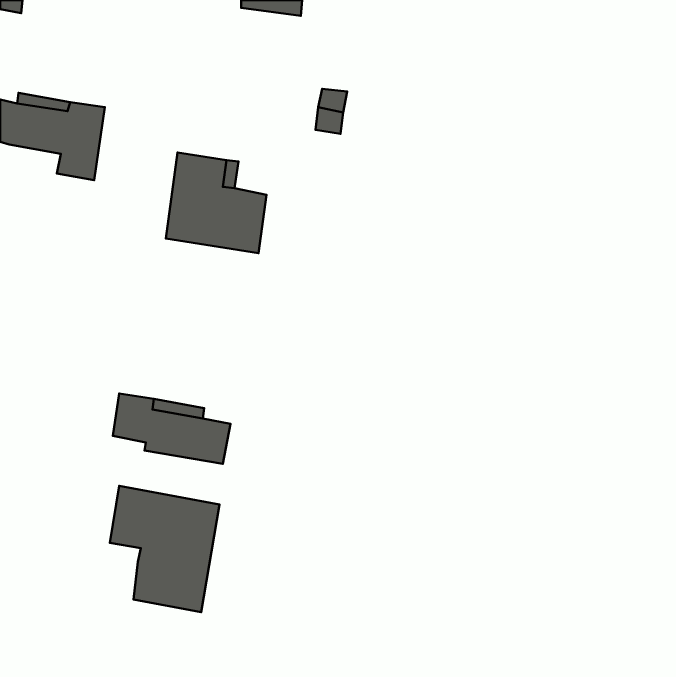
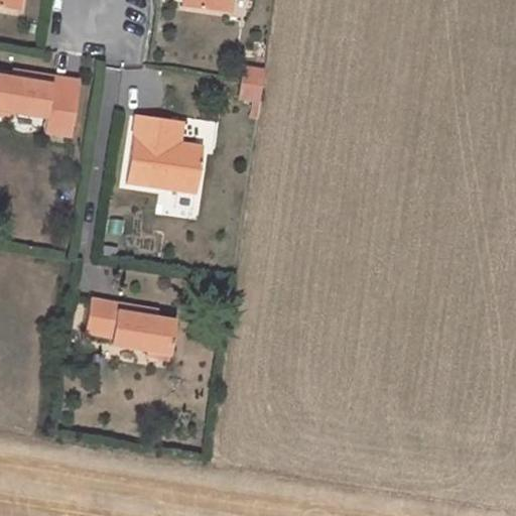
building: [110,486,219,612] -> none

